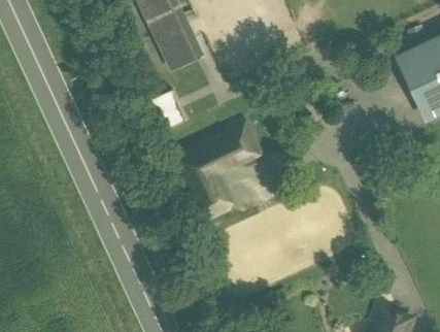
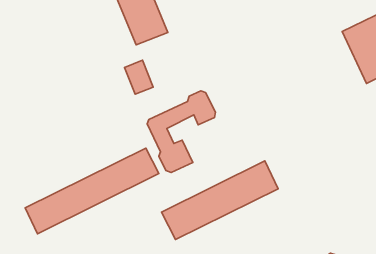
building: none -> [25,148,159,234]
building: none -> [162,161,278,240]

